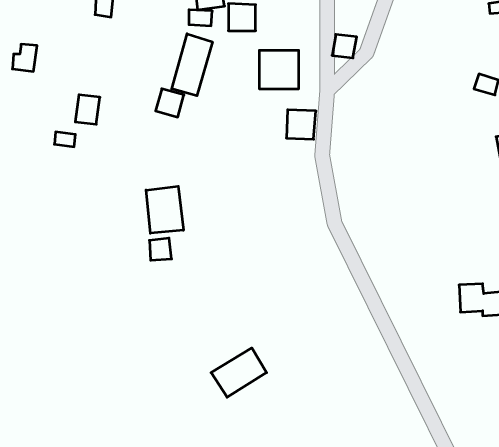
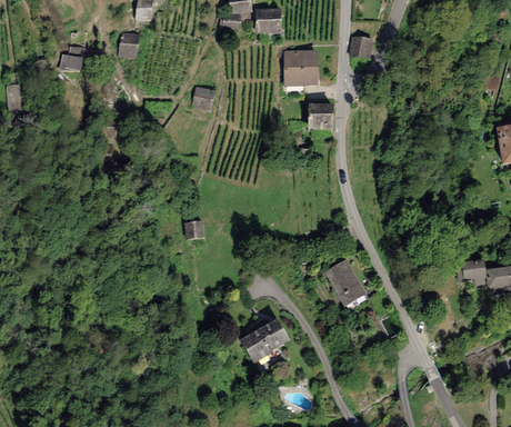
building: [172,34,212,96] -> none
building: [75,95,100,124] -> [118,31,140,58]
building: [146,186,183,233] -> none
building: none -> [323,258,367,307]

